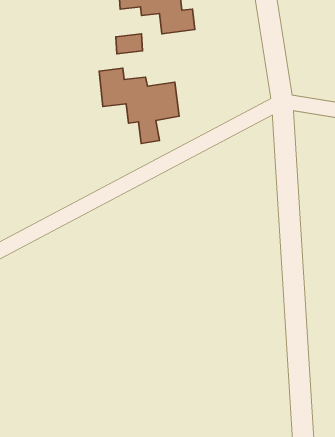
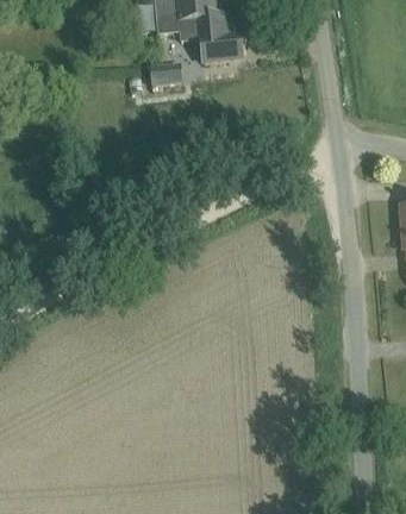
building: [99,68,179,144] -> none

